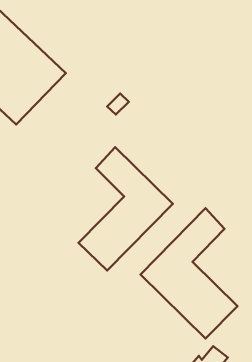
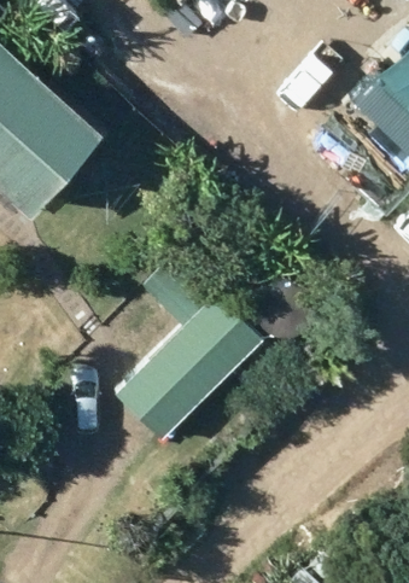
building: [140,208,237,338] -> none

